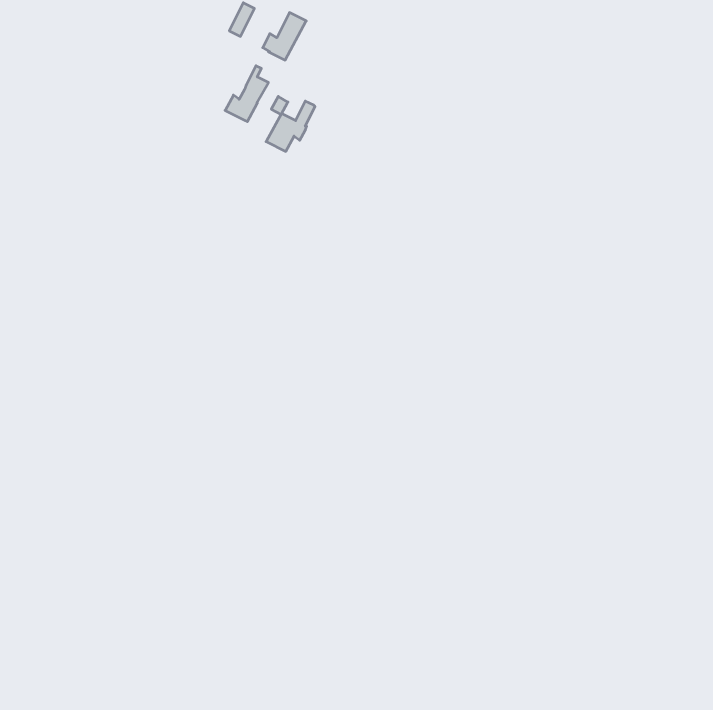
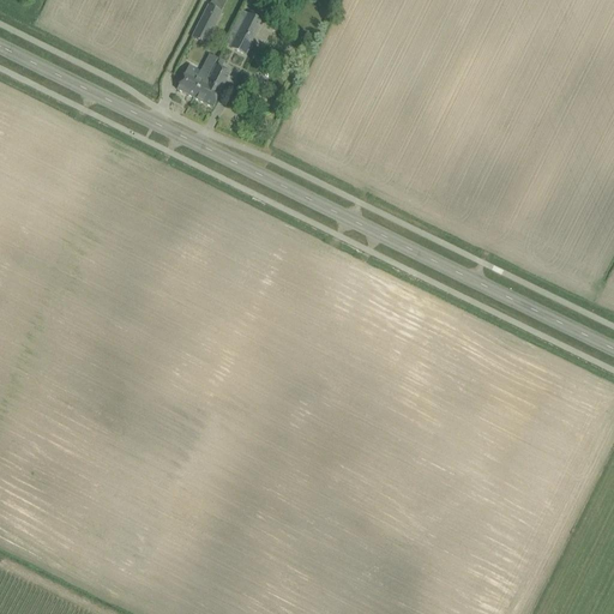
building: [266,101,315,151] -> [177,52,219,95]

